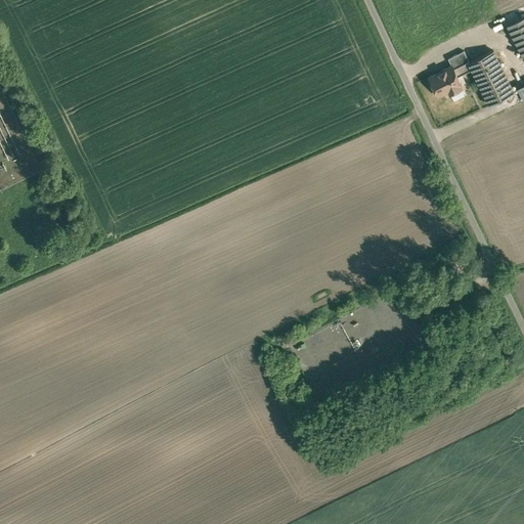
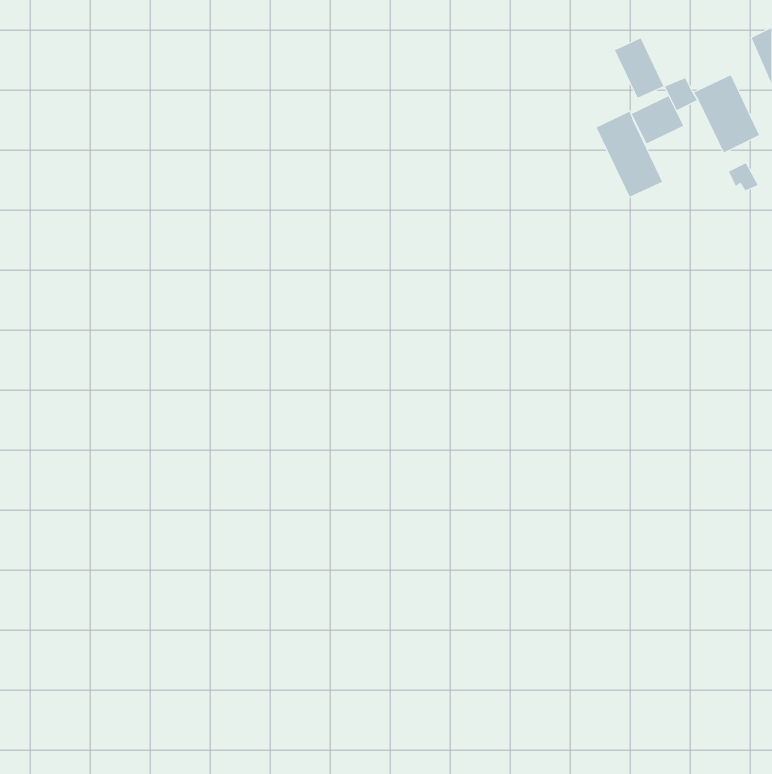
building: none -> [614,38,664,99]
building: none -> [596,111,663,197]

